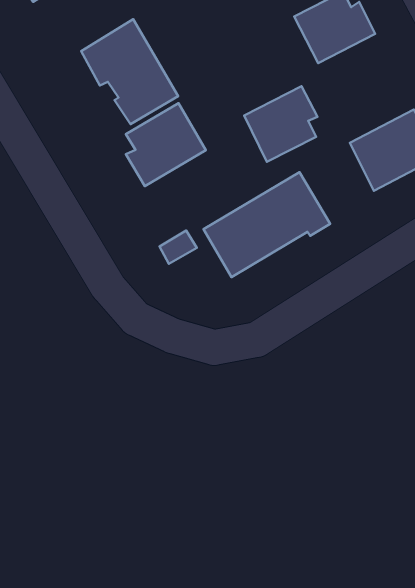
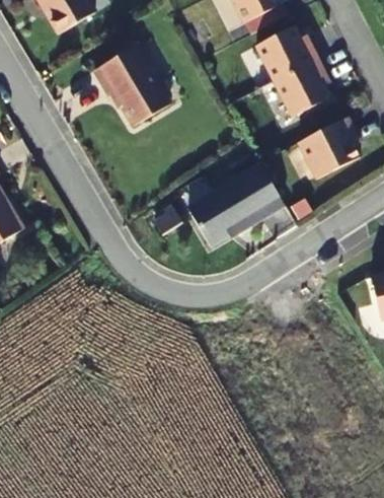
building: [244,86,317,162] -> [276,59,331,117]
building: [126,103,206,186] -> none

